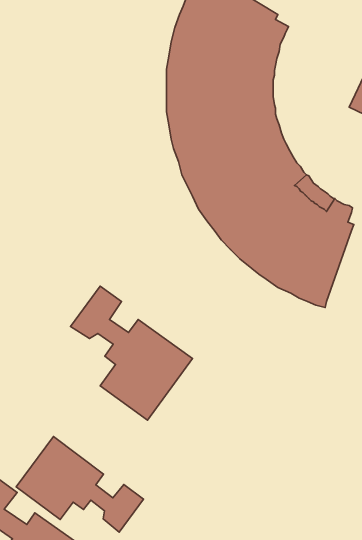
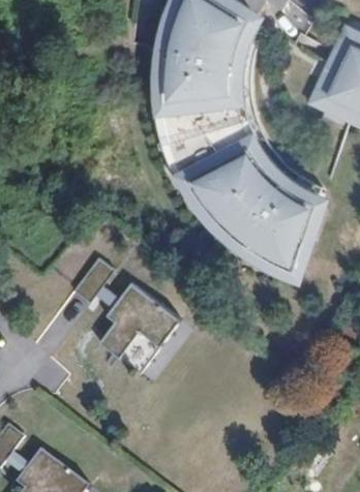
building: [16,437,143,532] -> none

